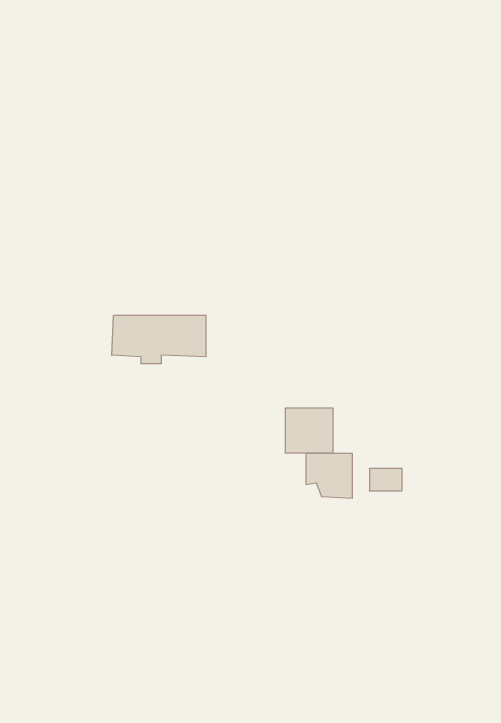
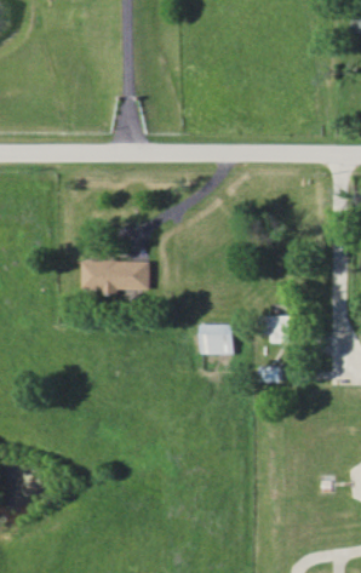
building: [306,454,352,498] -> [262,315,294,346]

